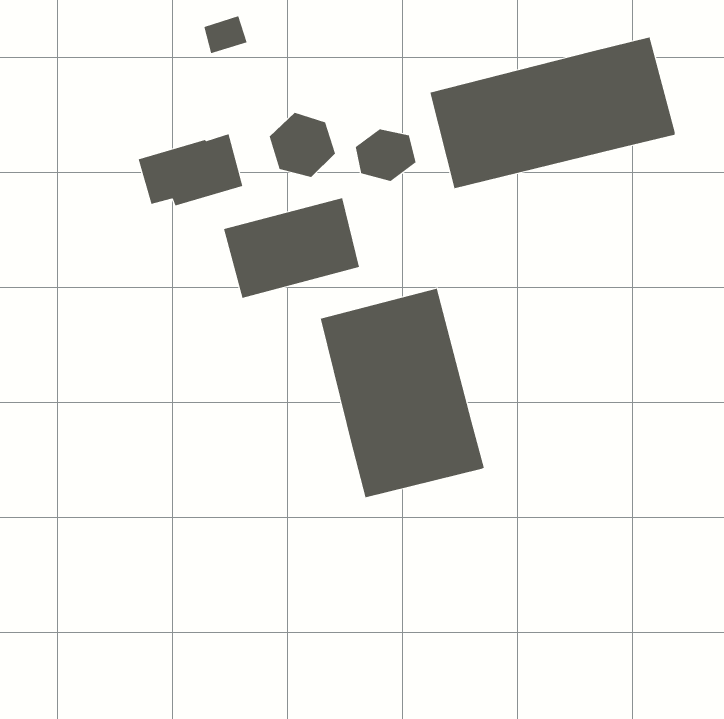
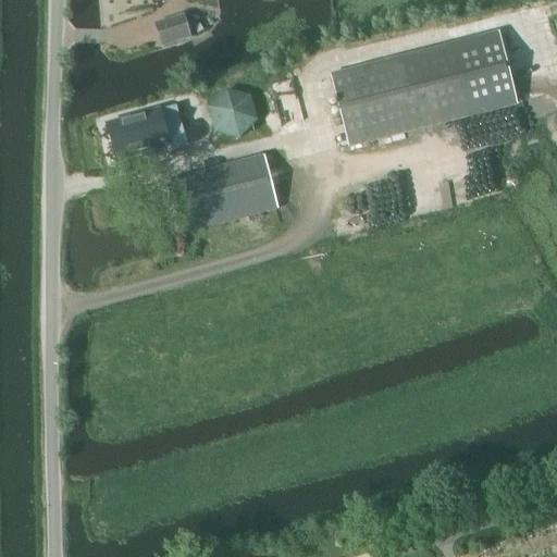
building: [355,128,416,182] -> none
building: [320,288,485,498] -> none

